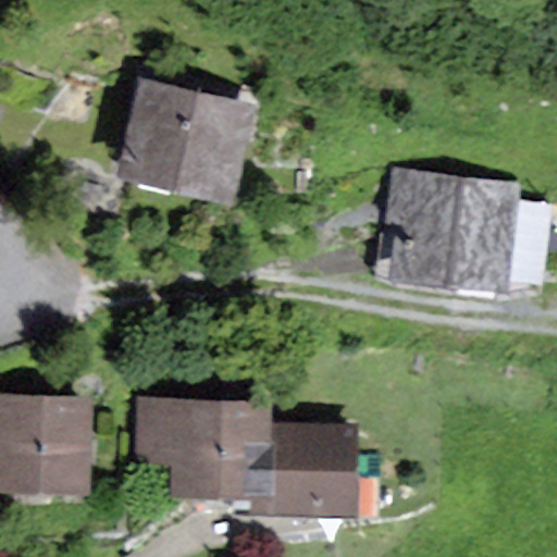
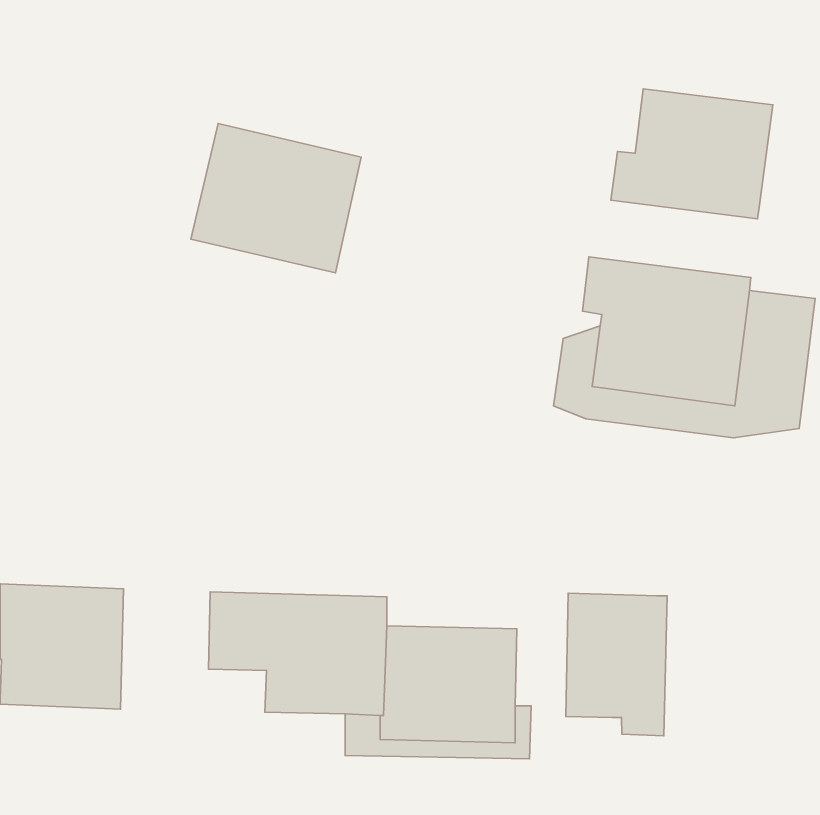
building: none -> [611,89,773,219]
building: none -> [566,593,667,736]

